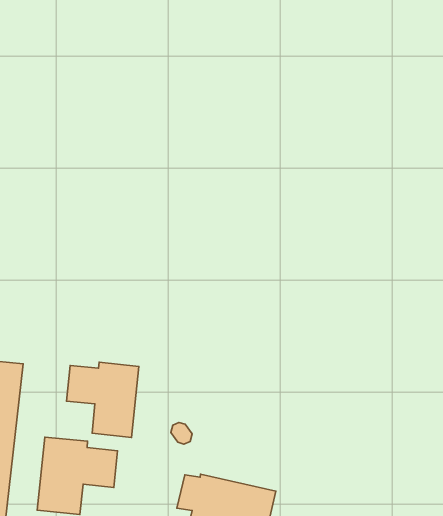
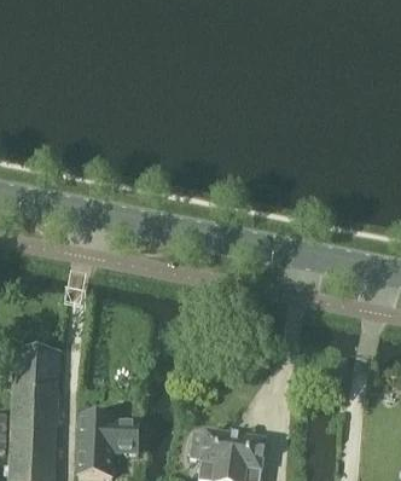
building: [67,362,139,438] -> none

